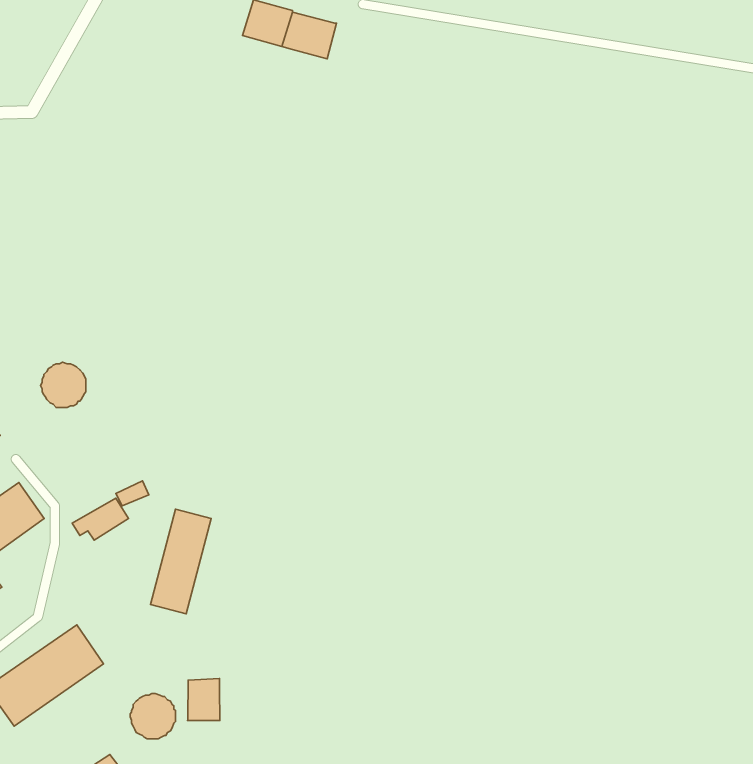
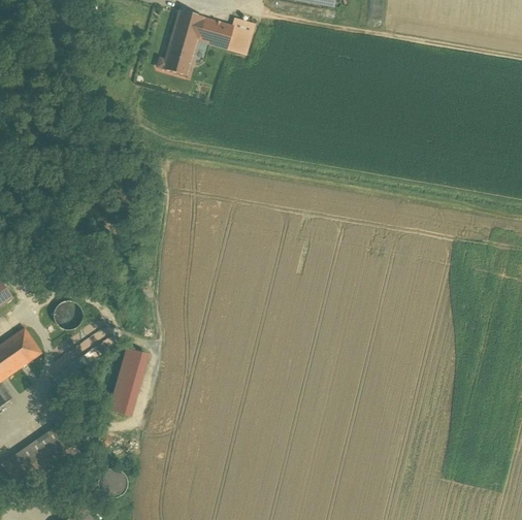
building: none -> [227,18,254,54]
building: none -> [158,33,204,75]
building: [41,362,86,407] -> [53,299,83,329]
building: [188,678,220,721] -> none

